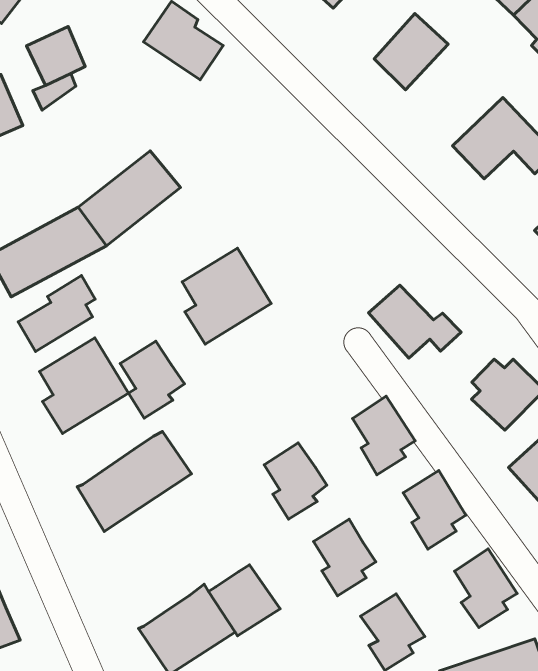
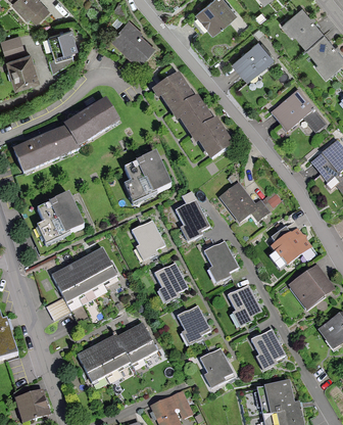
building: none -> [155,72,237,156]
building: [18,276,95,352] -> none
building: none -> [176,200,208,242]
building: [120,341,184,418] -> [131,221,164,262]

